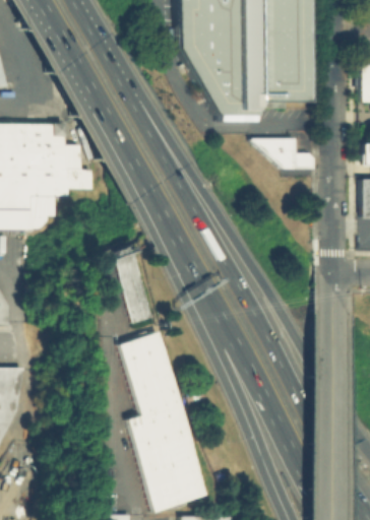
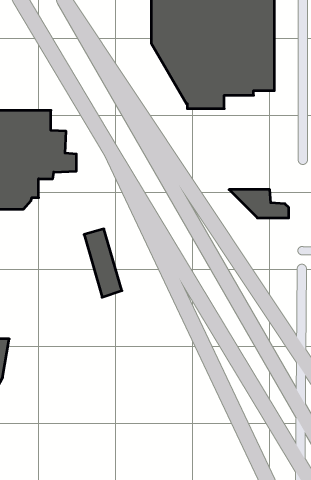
building: [253,136,317,167] -> [229,190,289,218]
building: [109,329,204,511] -> none

